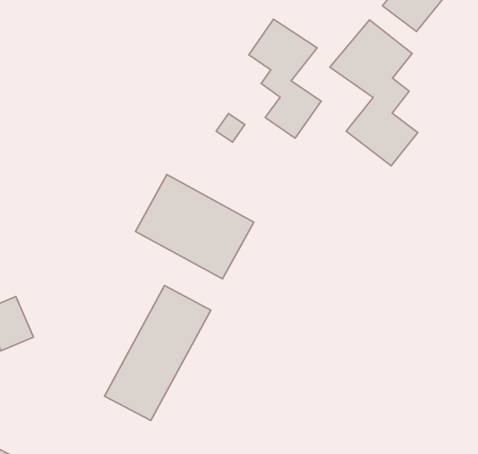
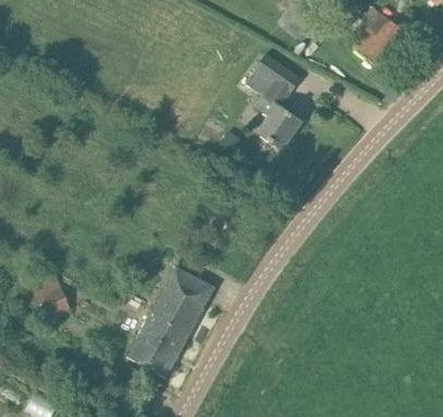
building: [330,20,418,166] -> none
building: [136,175,254,279] -> none

